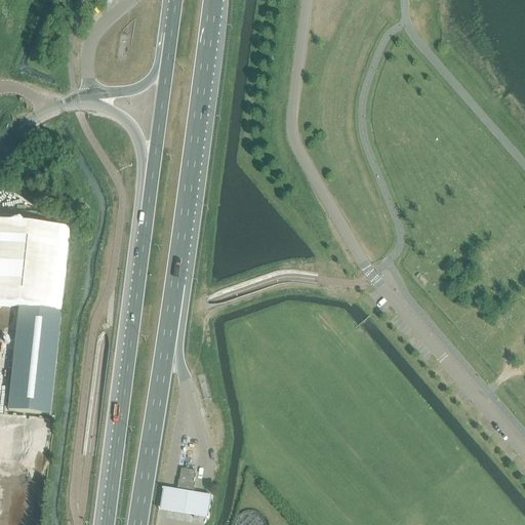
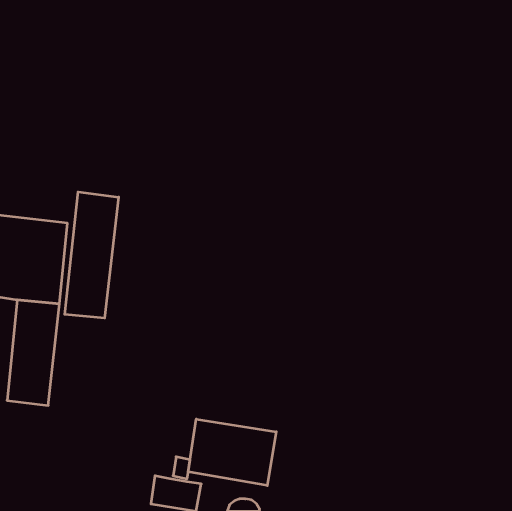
building: none -> [65,192,119,318]
building: none -> [188,419,276,486]

